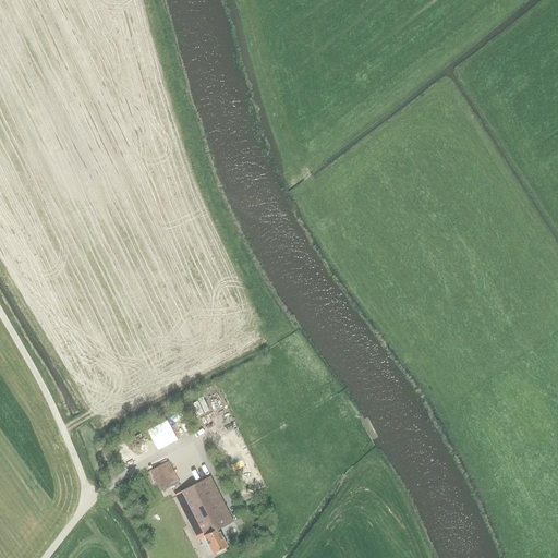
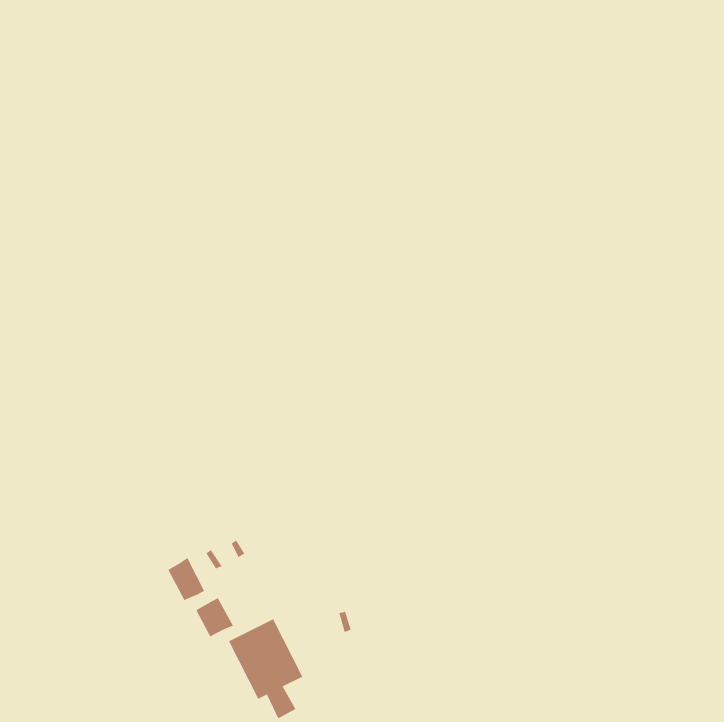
building: none -> [168,557,205,601]

